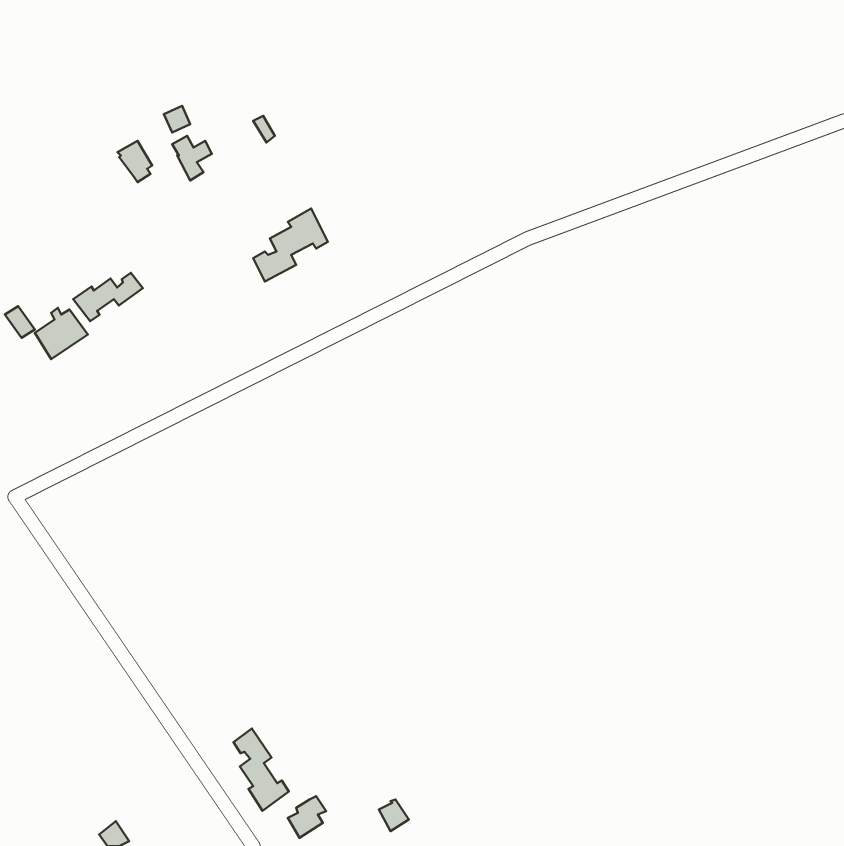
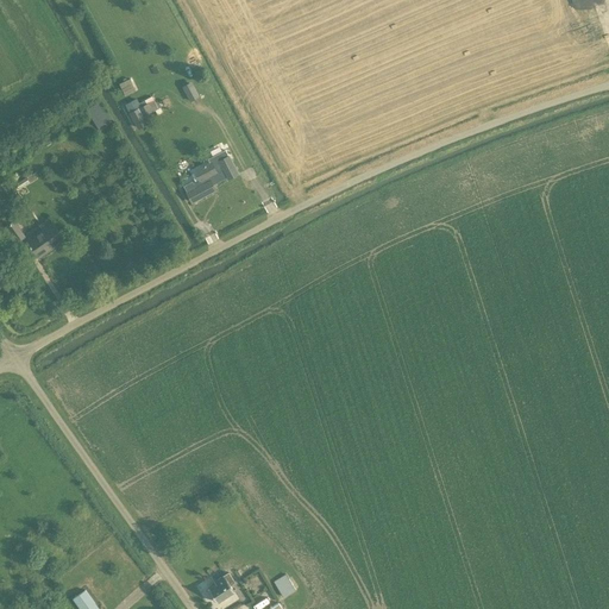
building: [73,273,143,321] -> none
building: [234,729,289,811] -> none

